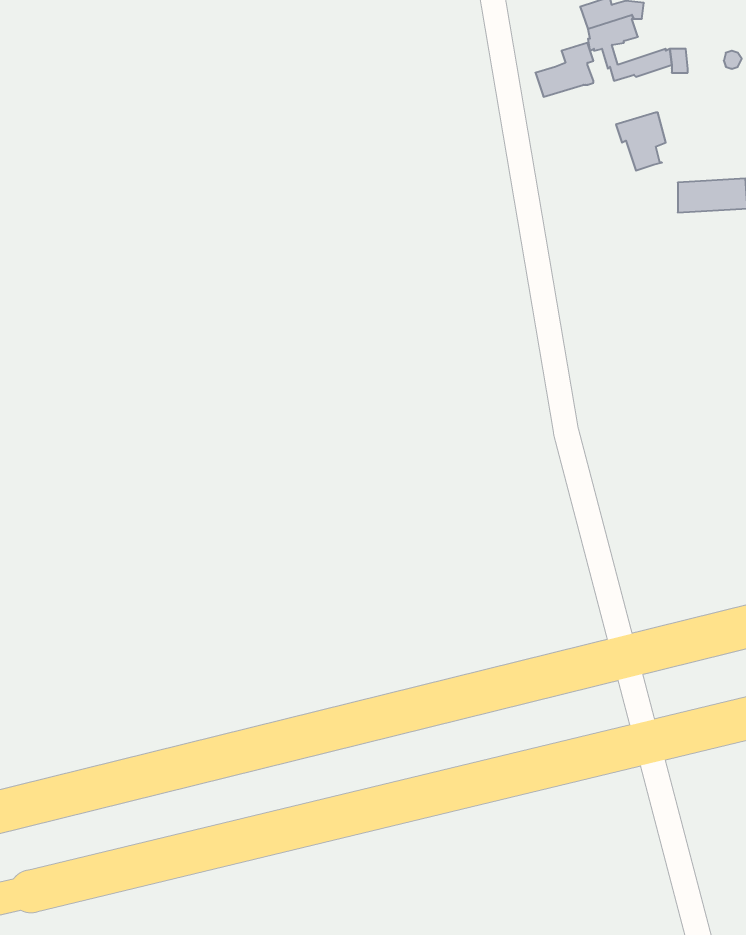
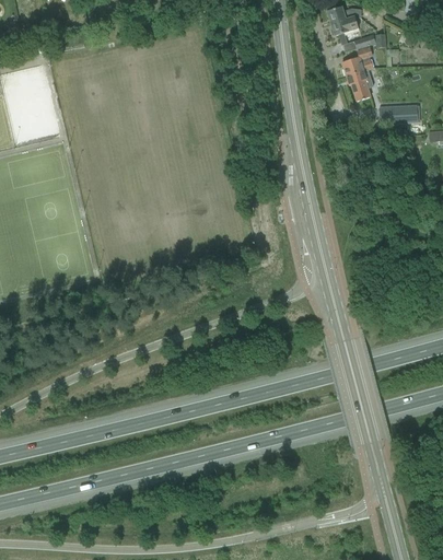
building: [535,43,593,97] -> [341,46,373,75]

